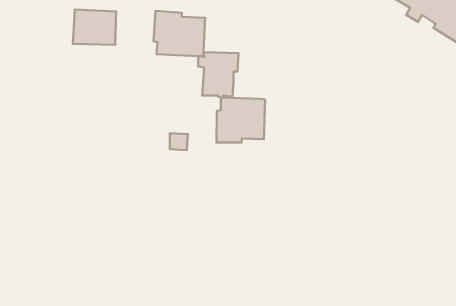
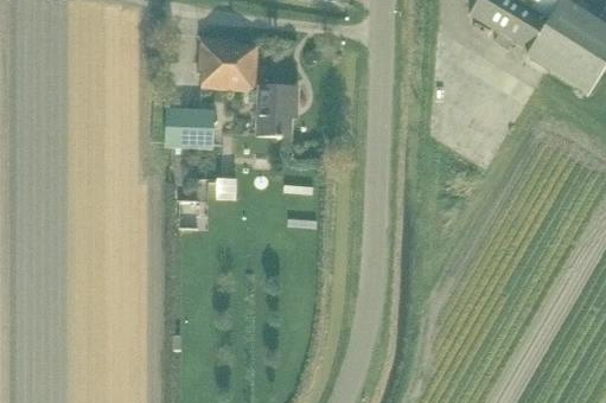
building: [73,10,116,45] -> [165,105,216,147]
building: [216,98,265,143] -> none

